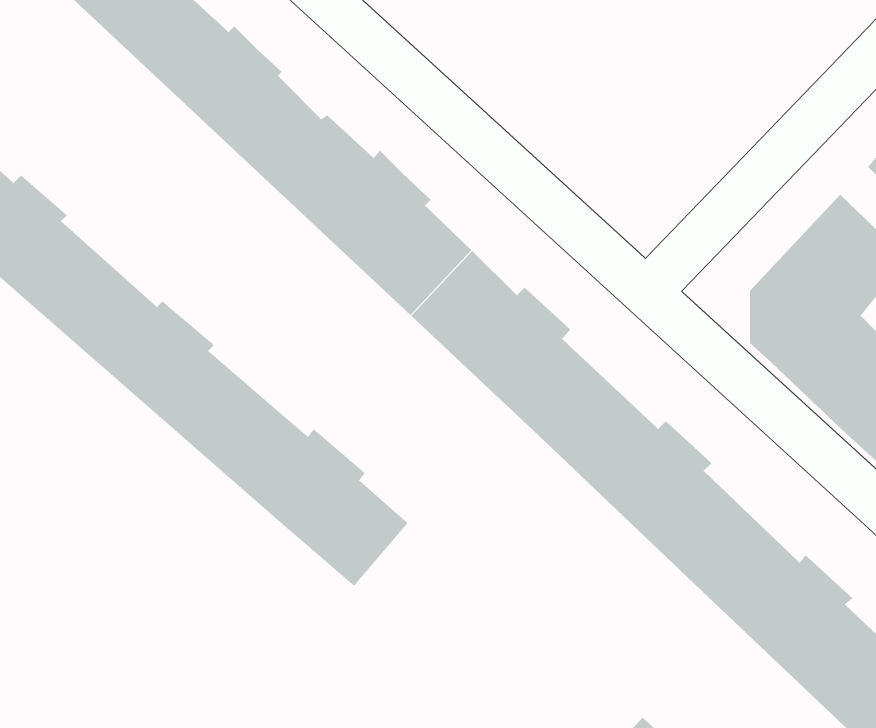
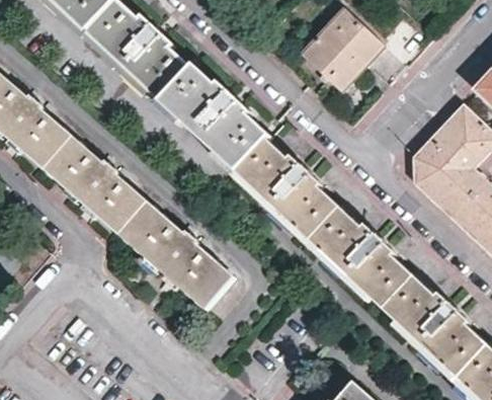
building: none -> [300,9,382,91]

